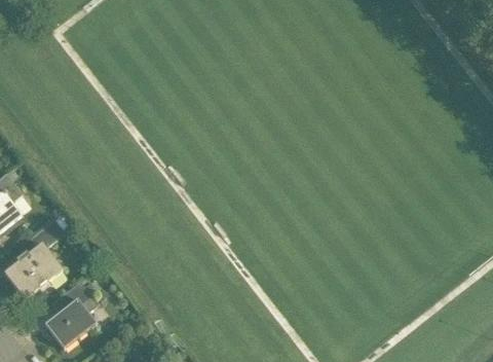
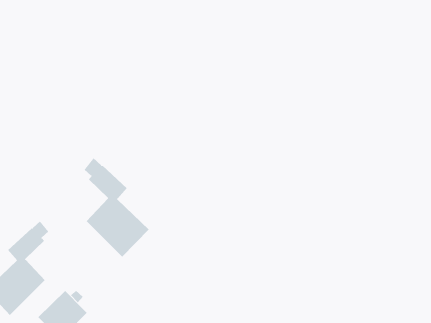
building: none -> [84,158,149,258]

